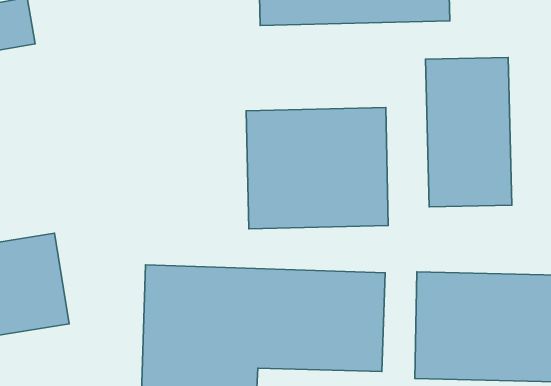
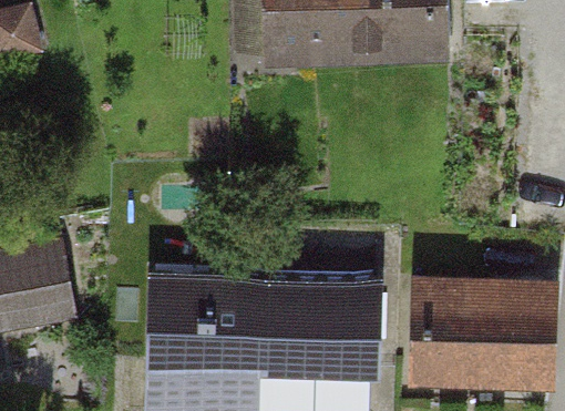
building: [426,57,512,207] -> none
building: [246,108,388,229] -> none

